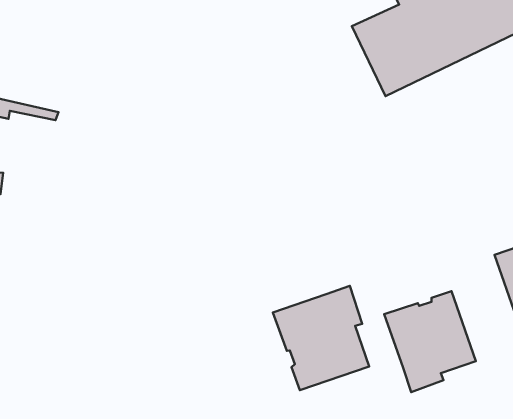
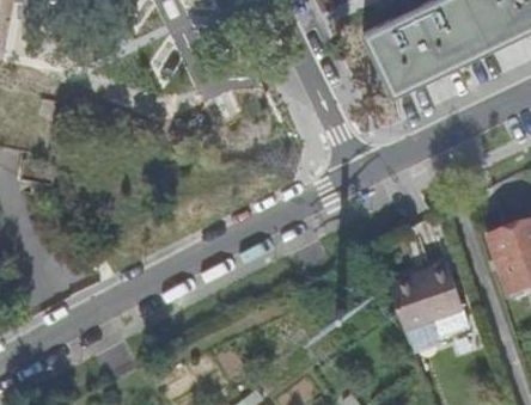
building: [273,286,369,390] -> none

